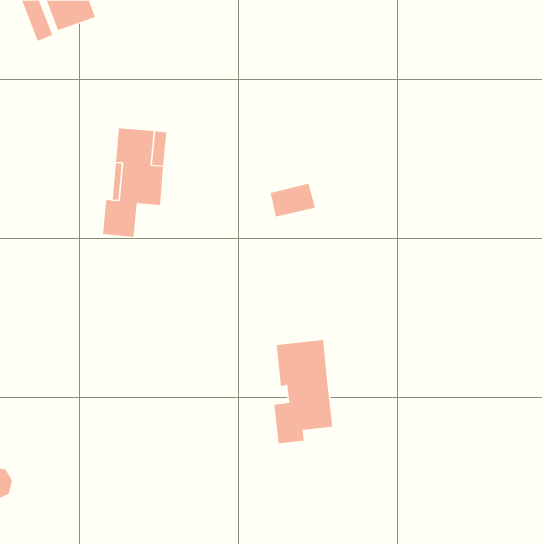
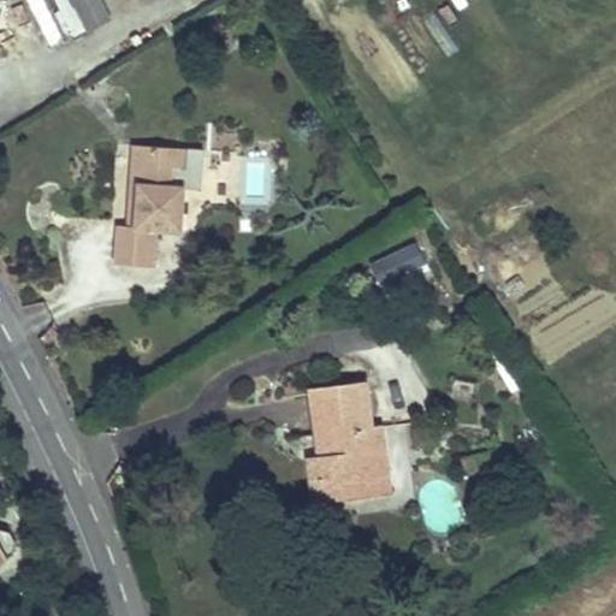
building: [270,183,316,217] -> [373,243,425,282]
building: none -> [343,428,390,498]

